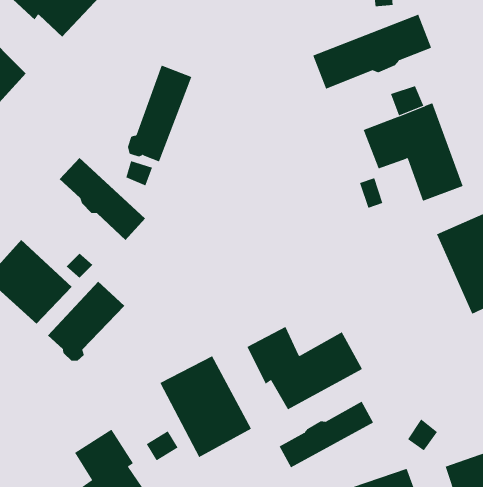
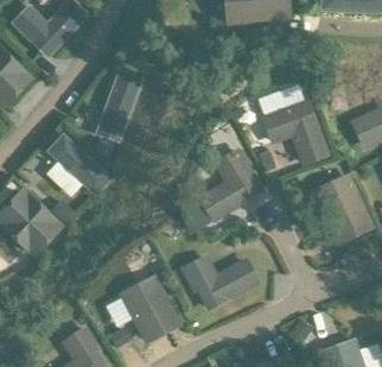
building: [313,14,432,90] -> none
building: none -> [197,146,265,223]
building: [47,281,125,362] -> none
building: [279,401,374,468] -> none

